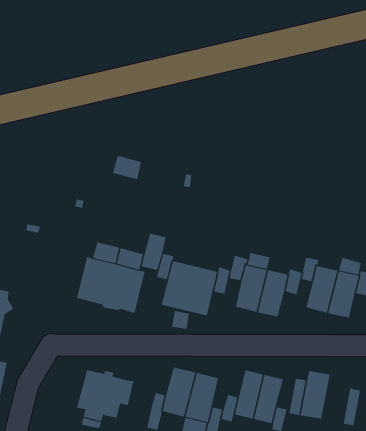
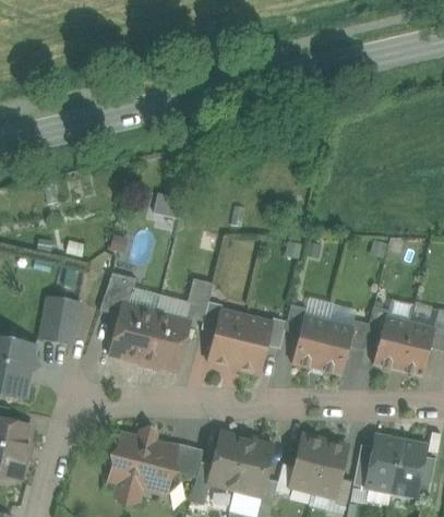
building: none -> [100,272,136,314]
building: none -> [41,298,80,341]
building: none -> [392,440,425,496]
building: none -> [169,441,204,476]

